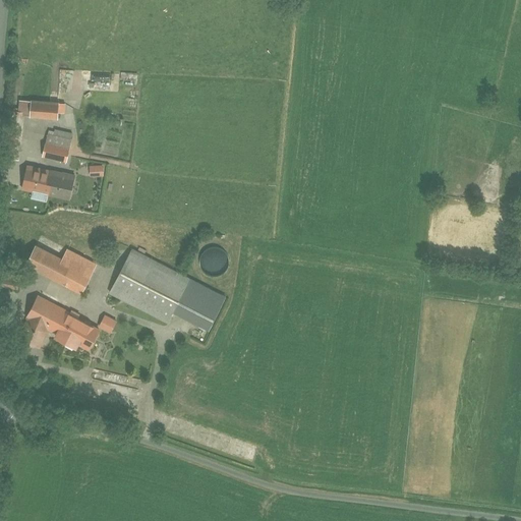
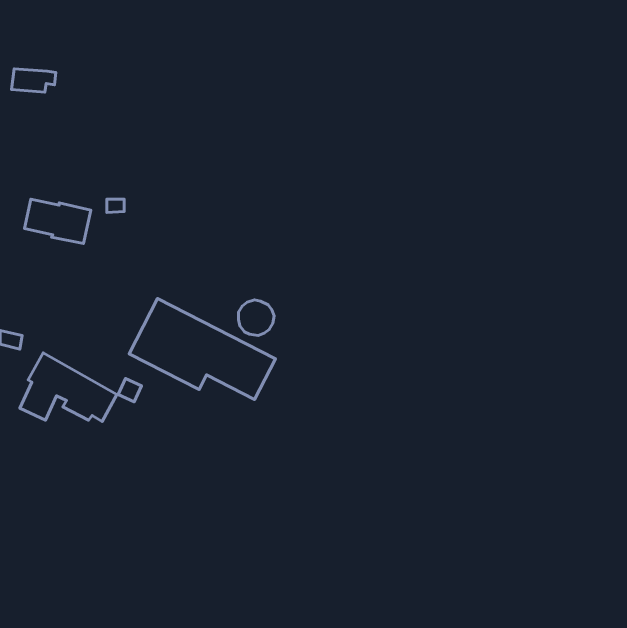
building: [28,100,65,119] -> [12,69,56,92]
building: [42,133,70,164] -> none
building: [22,242,96,294] -> none

